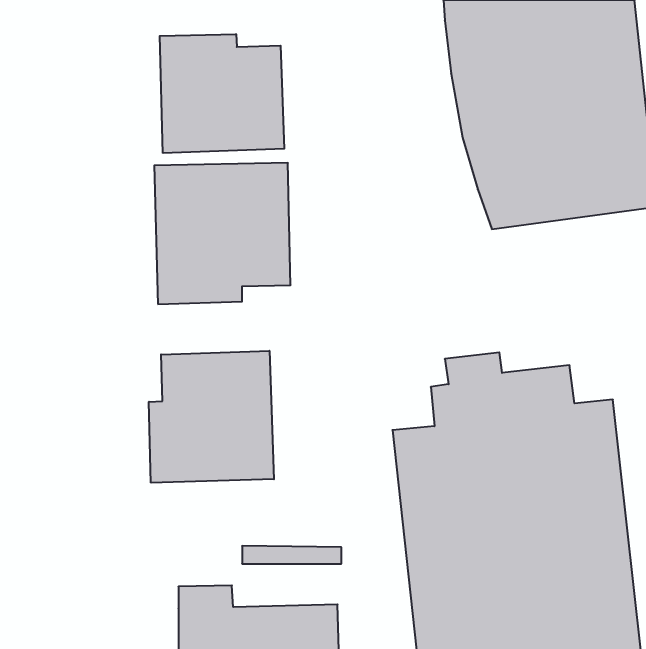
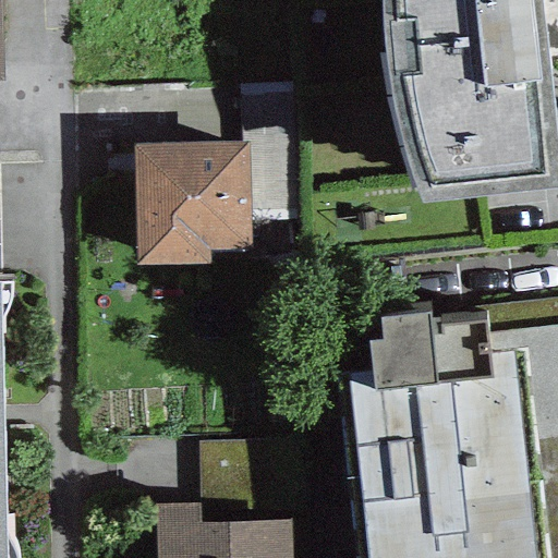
building: [160,34,284,153] -> none
building: [149,351,274,483] -> none

